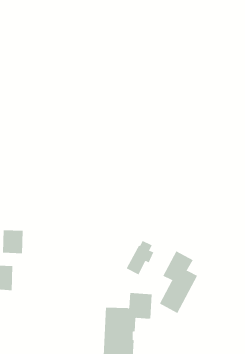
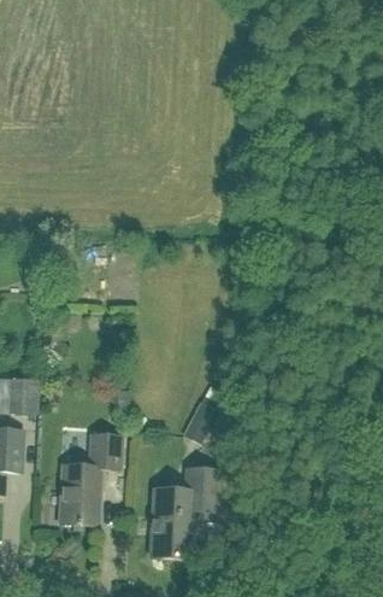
building: [159,251,198,314] -> none
building: none -> [60,434,123,523]

